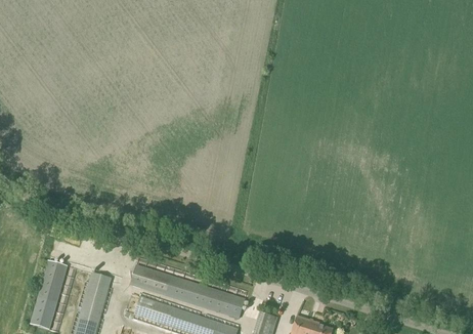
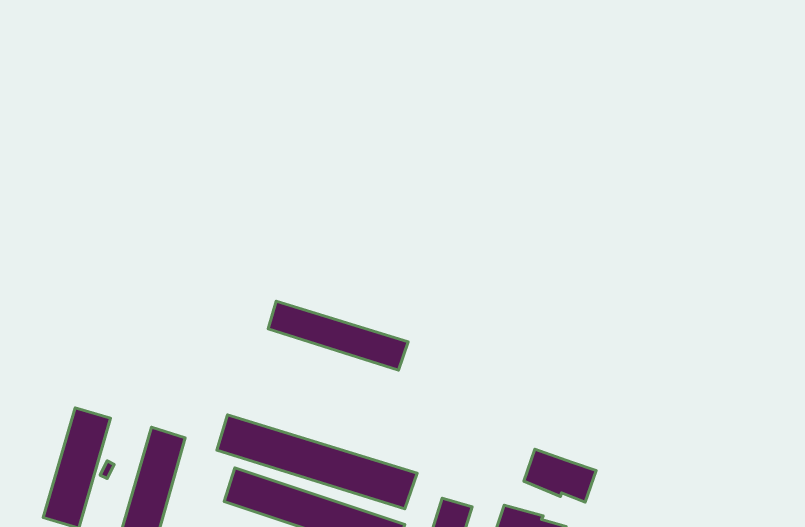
building: none -> [268,301,408,370]
building: none -> [524,449,596,502]

